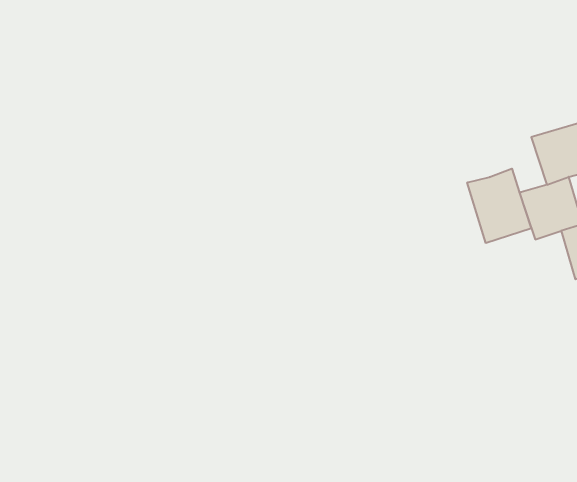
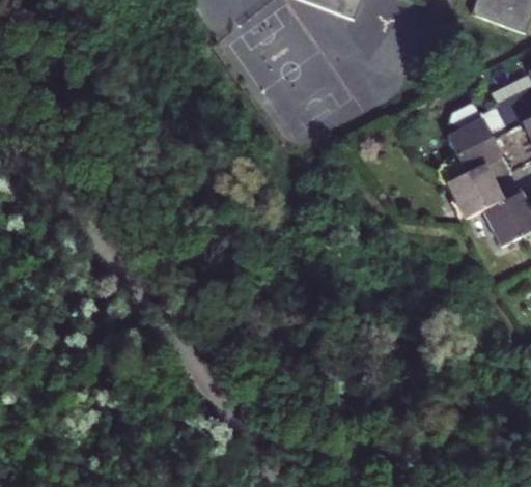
building: [467,169,531,243] -> none

